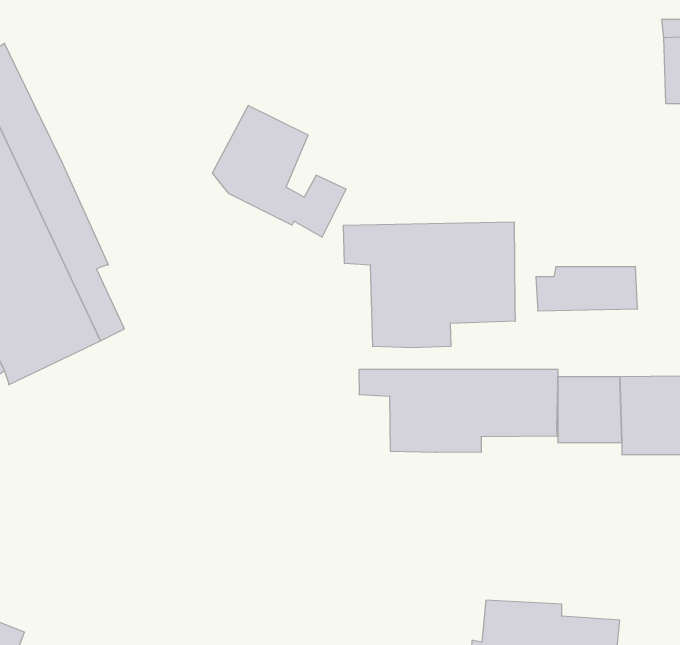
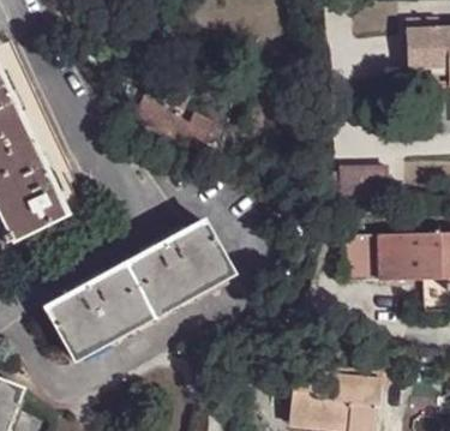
building: [343,222,515,348] -> none
building: none -> [46,220,232,360]
building: [359,369,558,453] -> none

